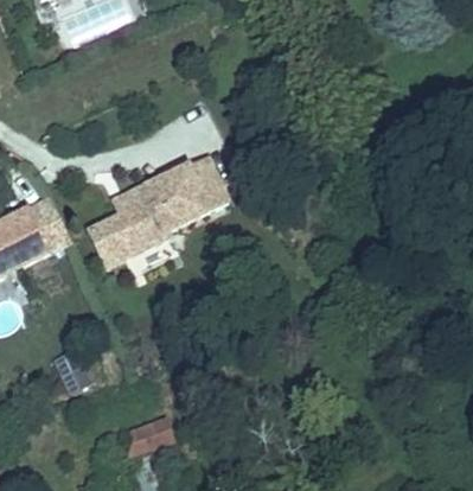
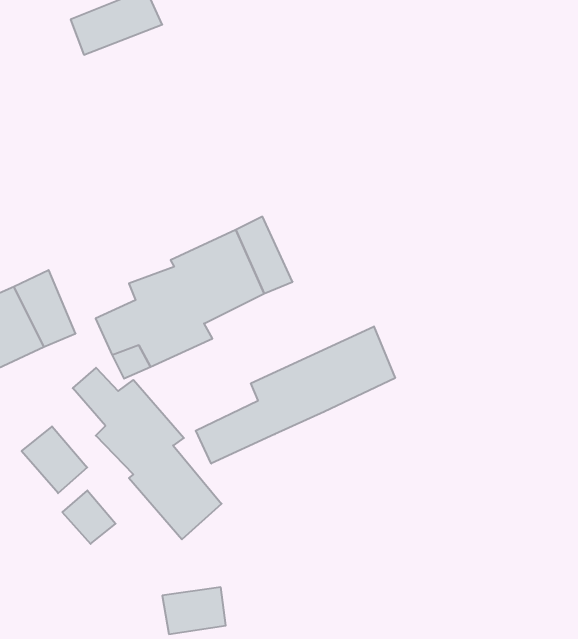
building: none -> [196,326,395,464]
building: none -> [73,368,222,539]
building: none -> [22,426,87,493]

